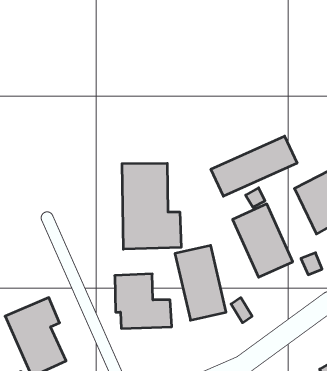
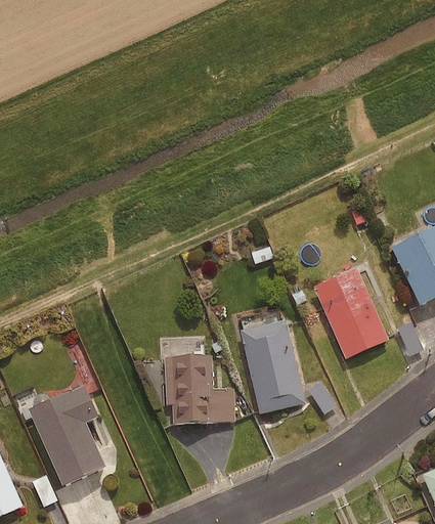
building: [211,136,297,196] -> none
building: [122,163,181,249] -> none

